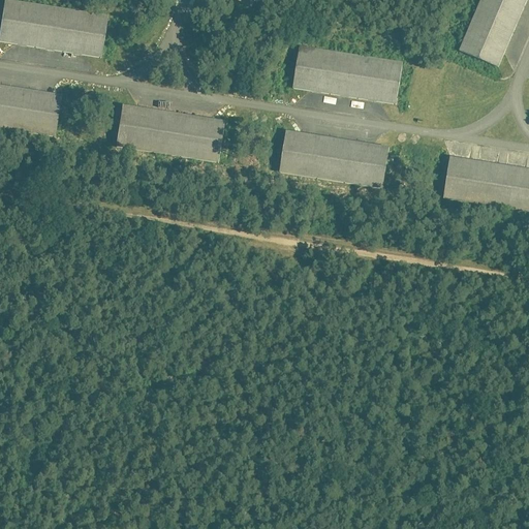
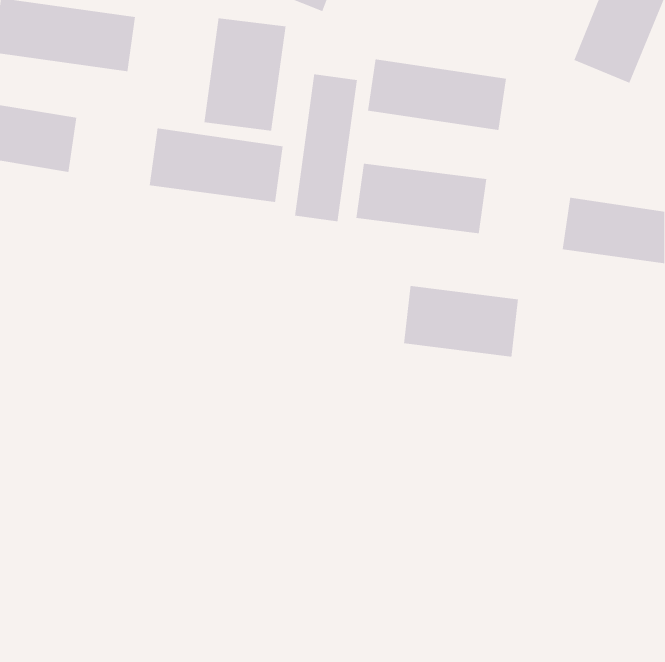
building: none -> [204,17,286,131]
building: none -> [294,74,357,222]
building: none -> [404,285,518,357]

